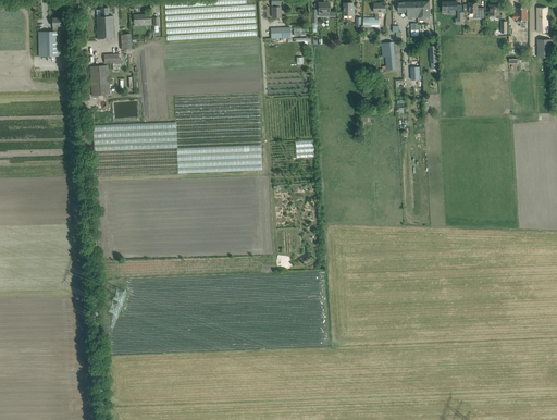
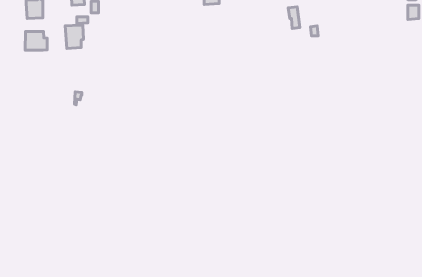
building: none -> [25,32,47,50]

